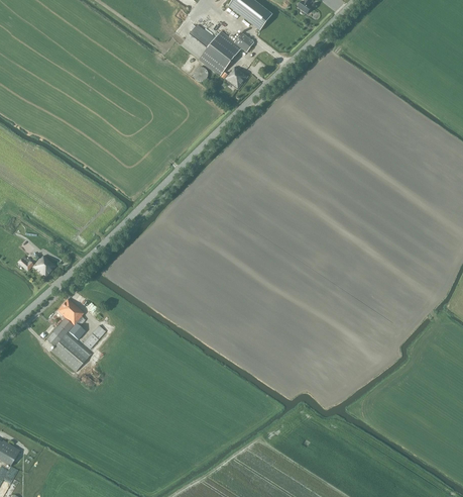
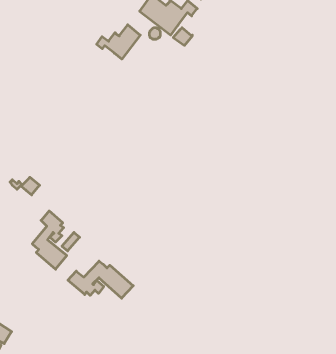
building: none -> [97,25,140,59]
building: none -> [68,261,133,298]

